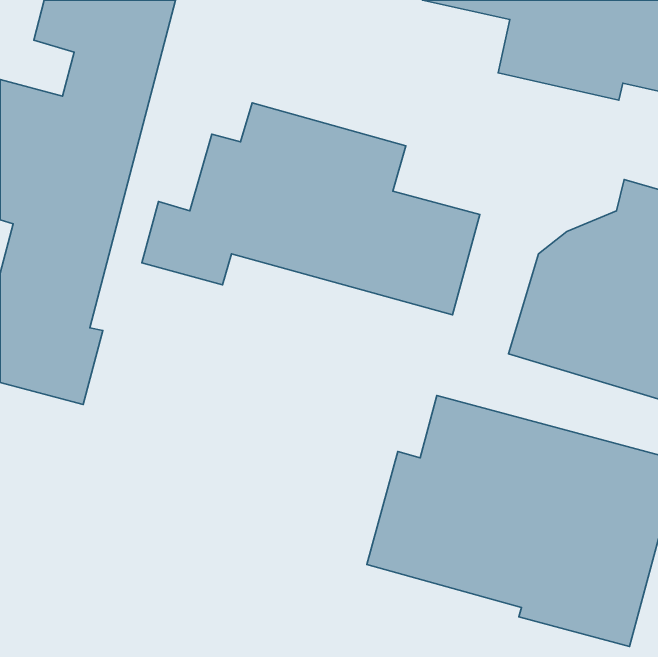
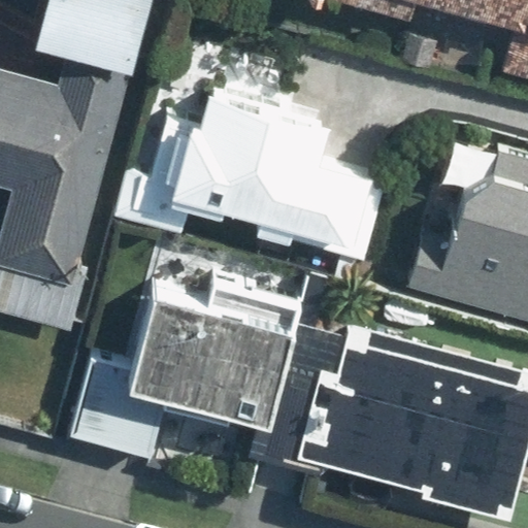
building: none -> [72,291,287,458]

